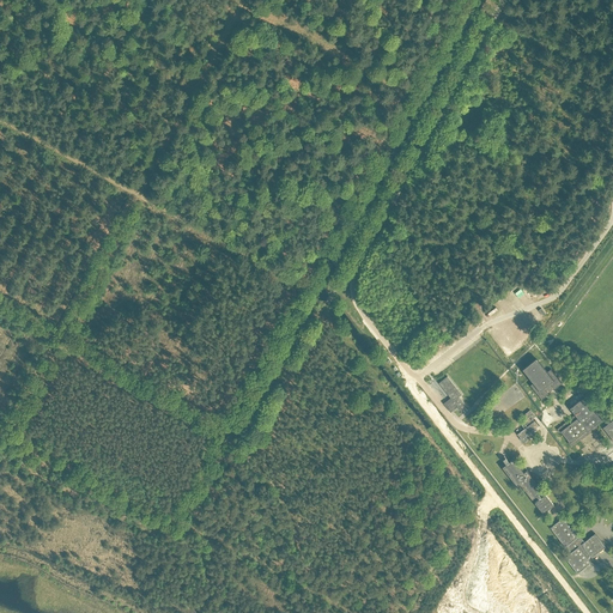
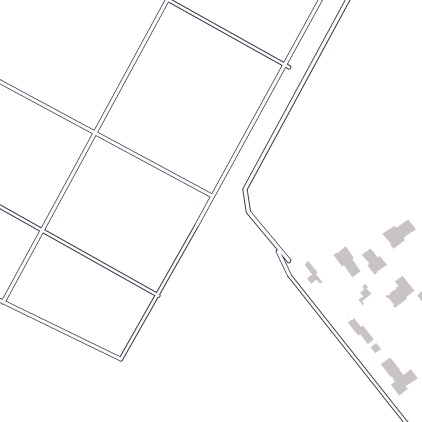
building: none -> [382,219,417,250]
building: none -> [333,245,361,278]

